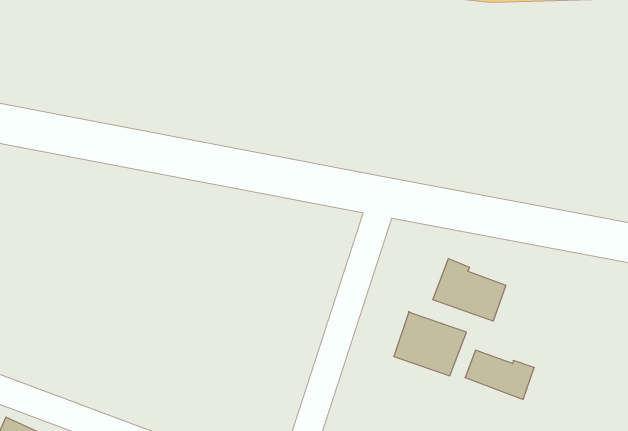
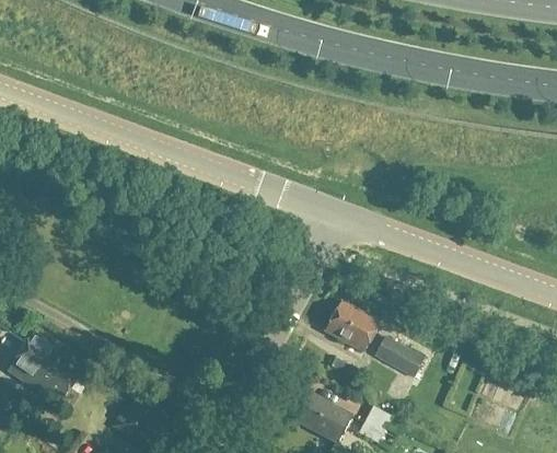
building: [433,259,506,321] -> none

